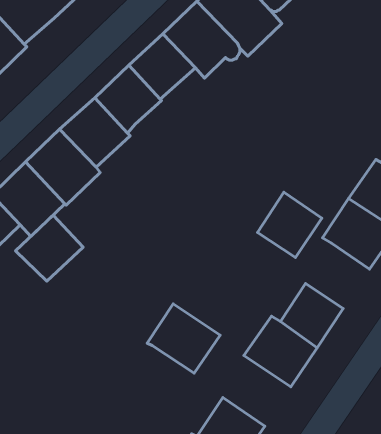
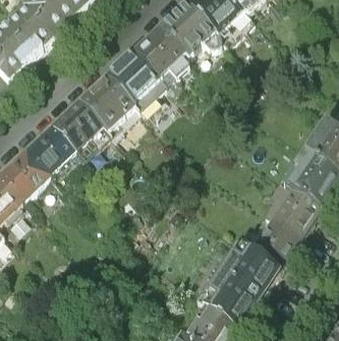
building: [258,192,322,257] -> [270,190,320,241]
building: [16,215,83,281] -> none
building: [147,304,220,373] -> [202,278,259,332]

